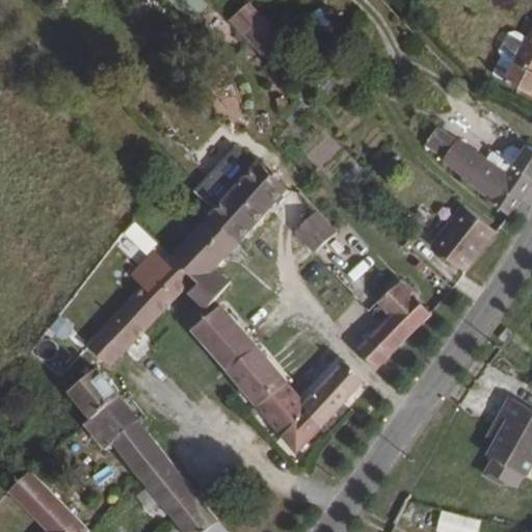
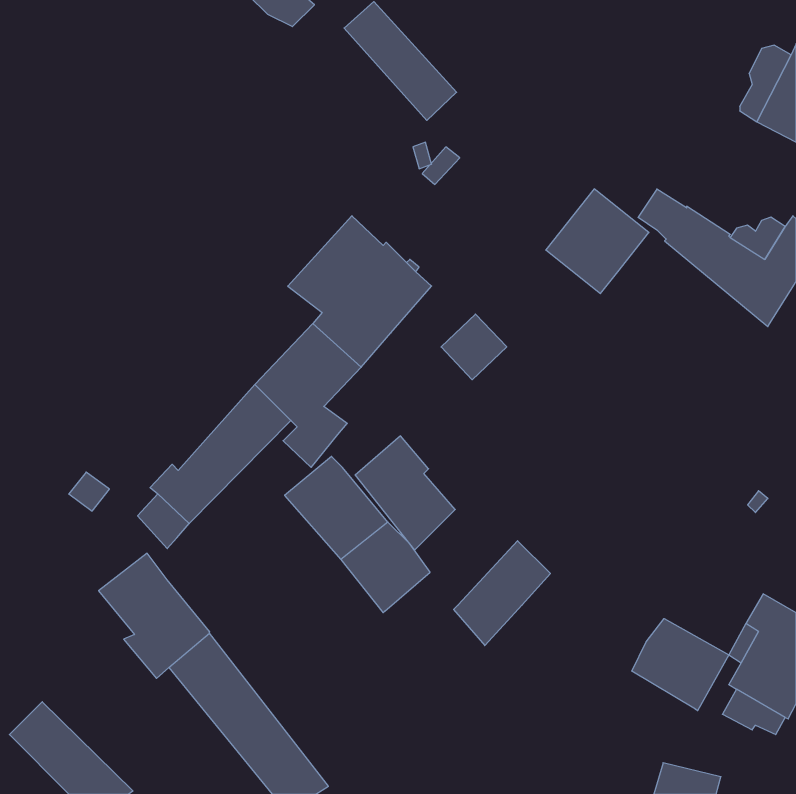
building: [429,204,498,273] -> [546,189,649,294]
building: [358,274,432,371] -> none
building: [256,380,322,456] -> [355,436,455,550]
building: none -> [632,619,729,711]

